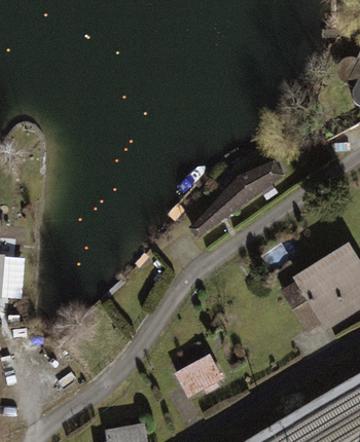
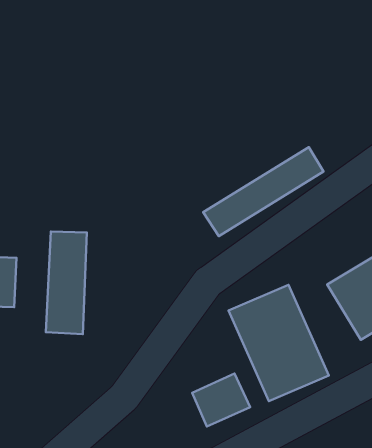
building: none -> [46,231,87,334]
building: none -> [228,285,329,401]

